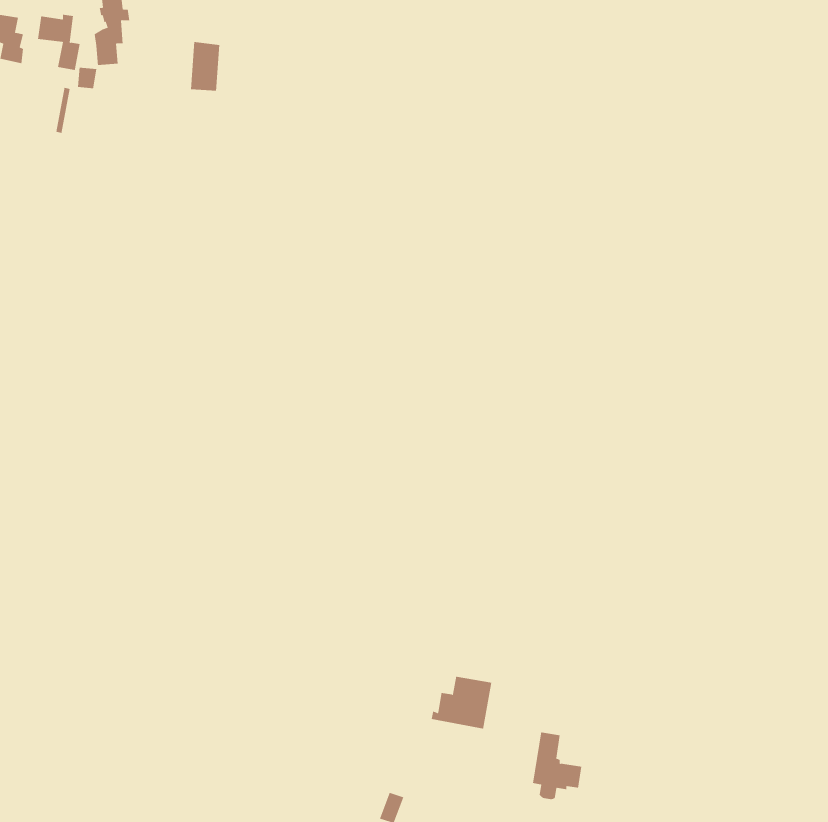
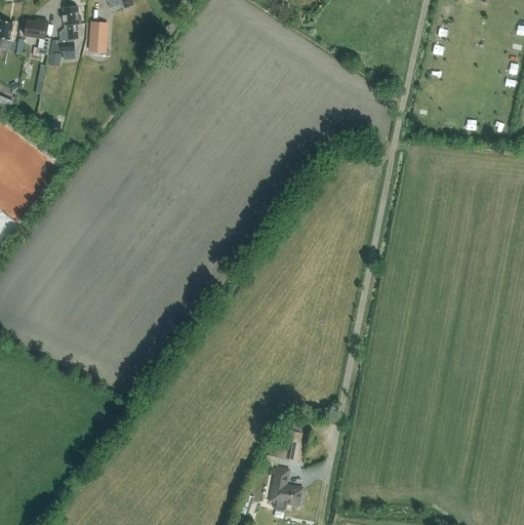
building: [190,41,220,91] -> [89,21,108,51]
building: [532,732,582,800] -> [270,468,300,510]

